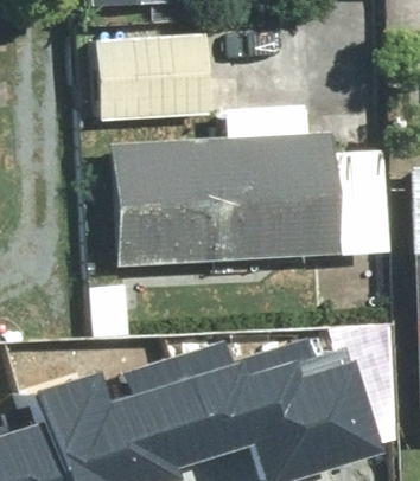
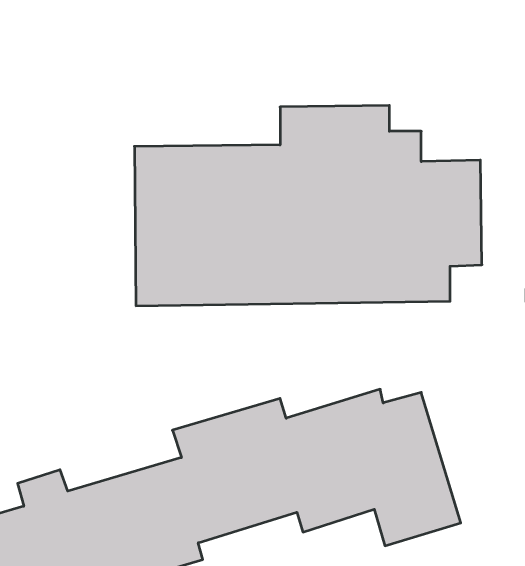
building: [98,37,212,118] -> none

